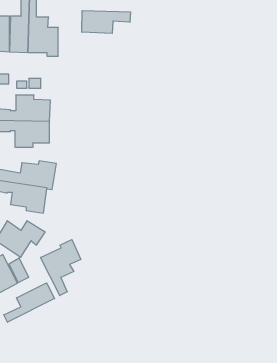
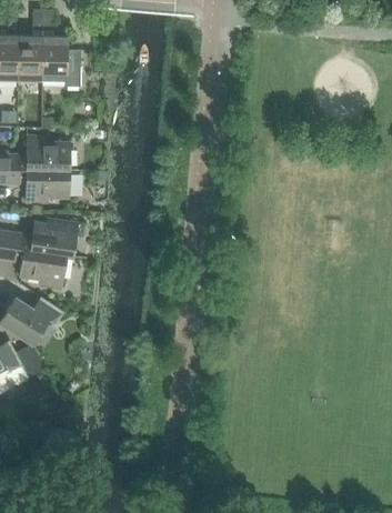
building: [82,11,130,33] -> none
building: [41,240,81,296] -> none
building: [4,283,55,322] -> none

